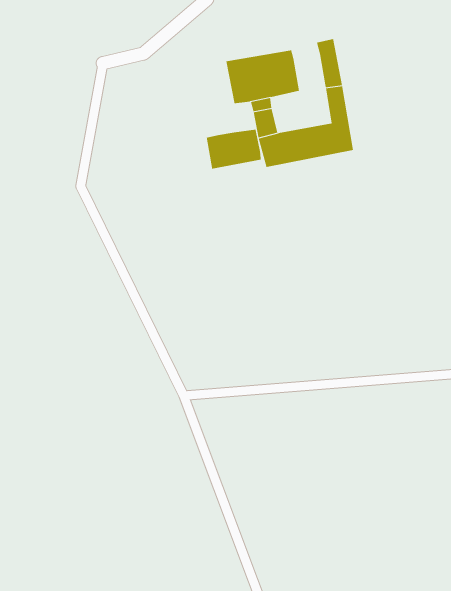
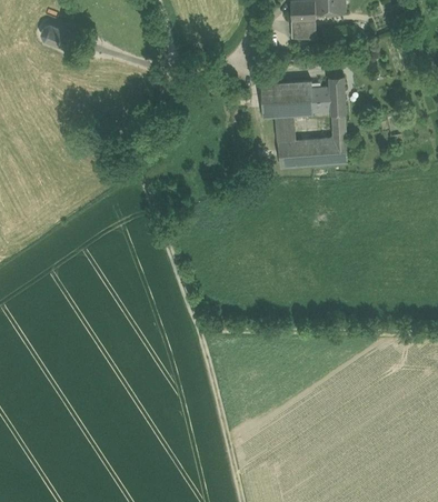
building: none -> [311,87,331,112]
building: [206,129,261,170] -> none

